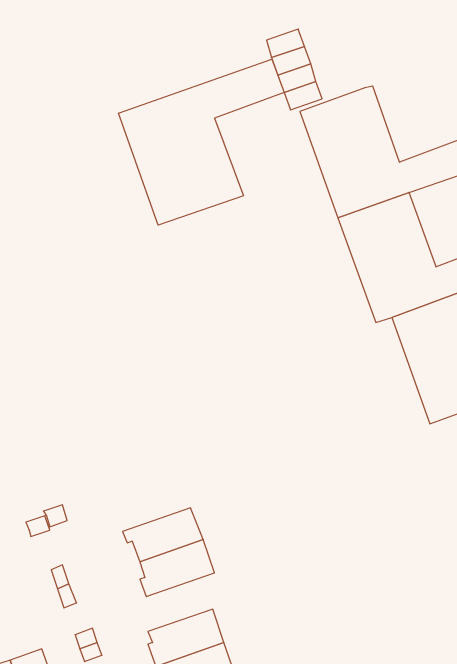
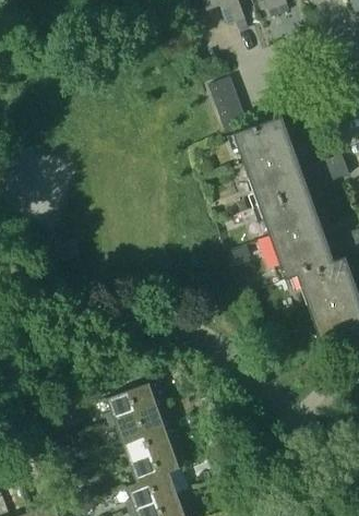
building: [119,59,284,225] -> none
building: none -> [106,382,157,421]
building: none -> [127,449,180,490]

